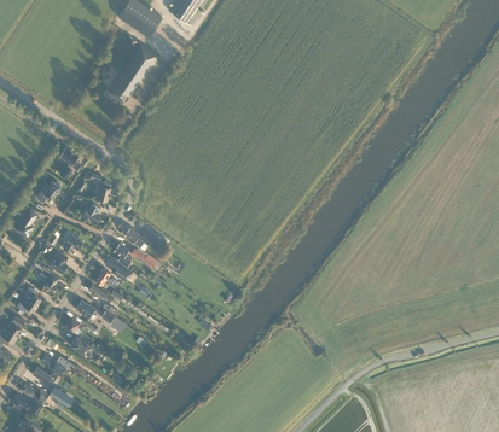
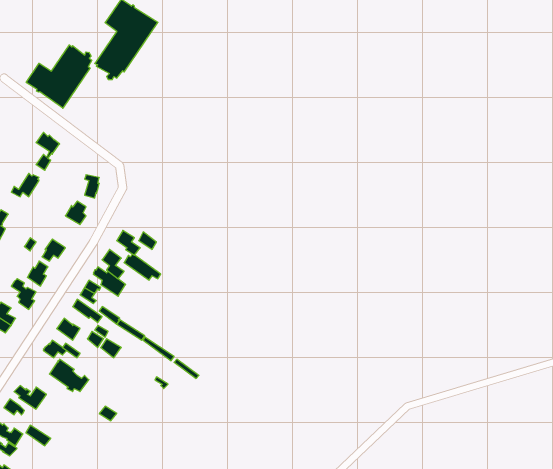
building: none -> [26,45,92,108]

